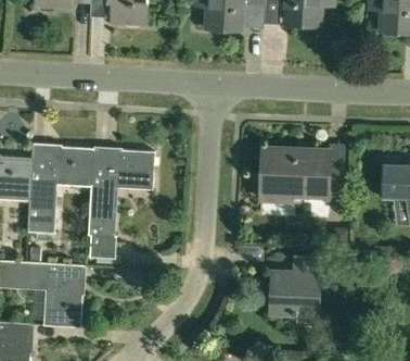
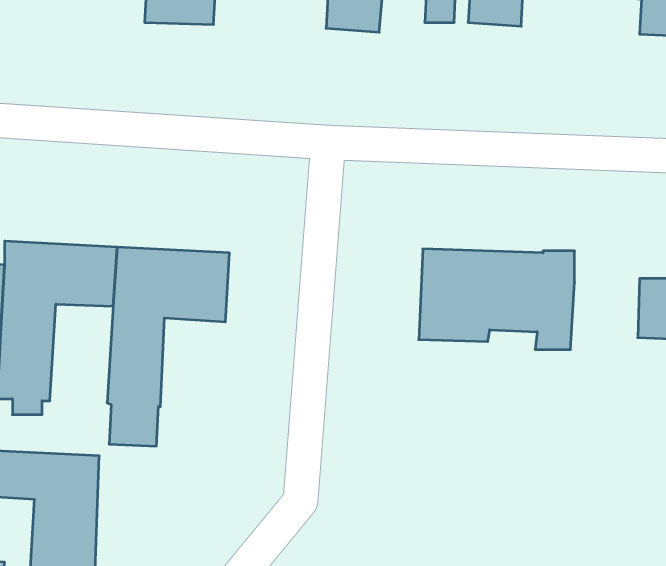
building: [271,260,320,315] -> none

